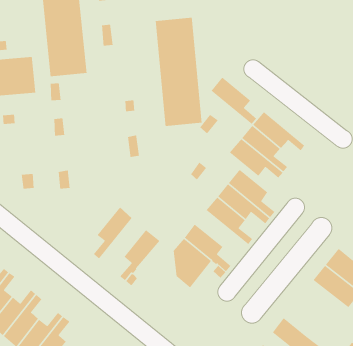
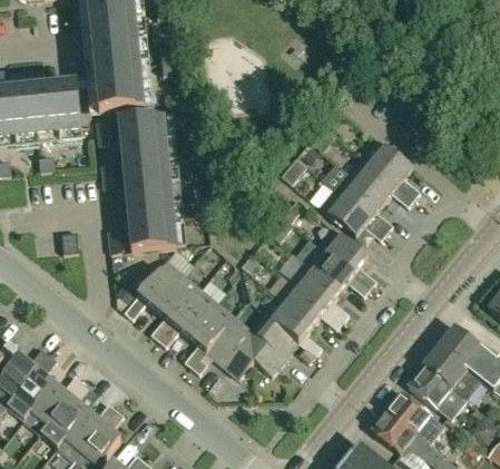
building: [155,17,202,127] -> [118,114,177,250]
building: [211,76,257,125] -> [362,137,420,197]
building: none -> [125,260,184,317]
building: none -> [276,277,343,329]
building: none -> [158,287,216,344]
building: none -> [205,315,253,377]
building: none -> [408,364,467,418]
building: none -> [386,391,441,439]

